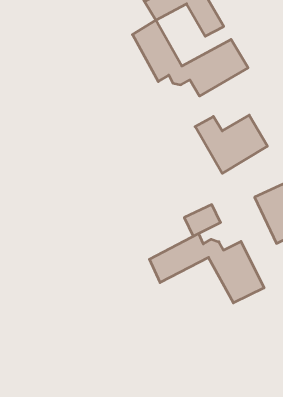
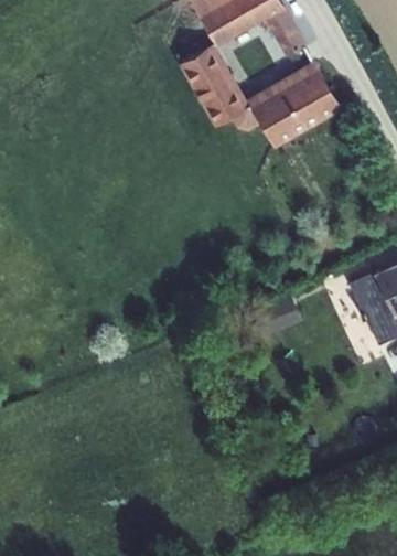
building: [195,115,267,173] -> none
building: [149,234,264,303] -> none

